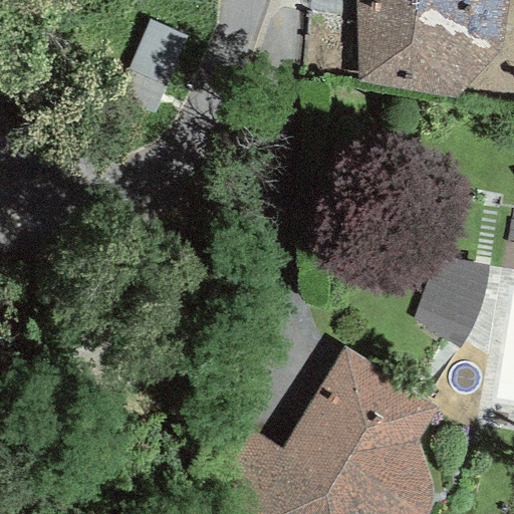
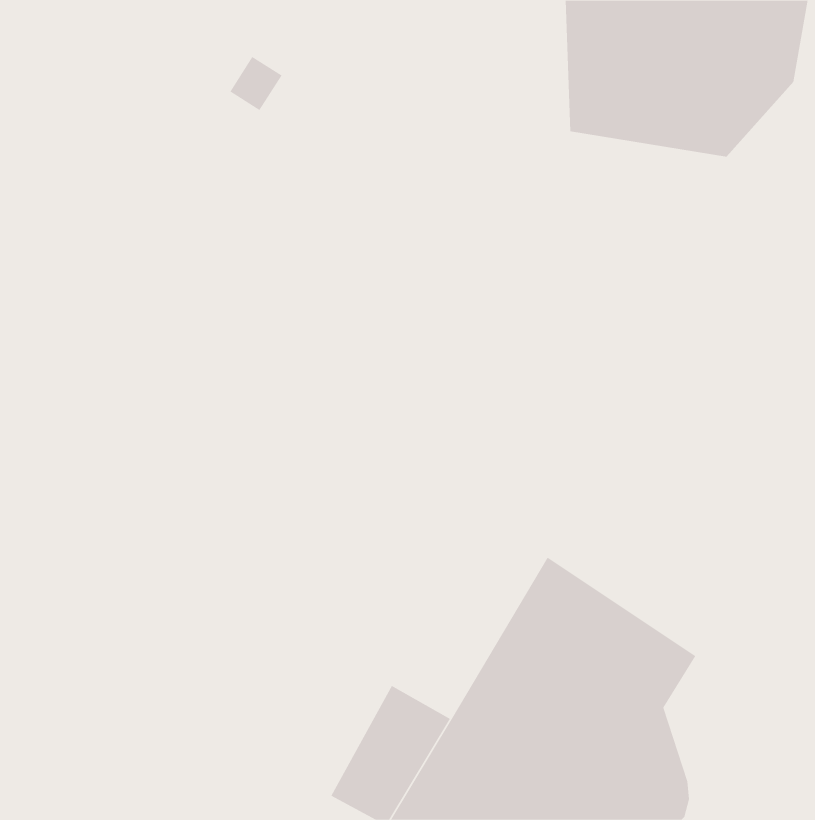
building: [415,256,490,348] -> none

